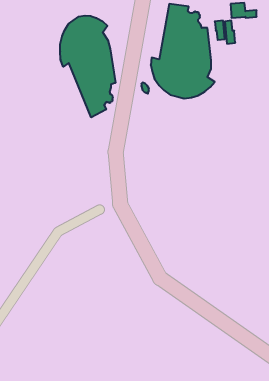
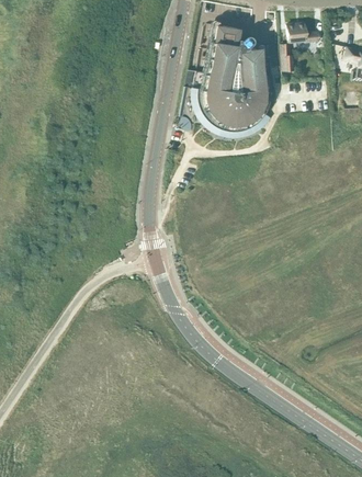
building: [60,16,115,117] -> none

